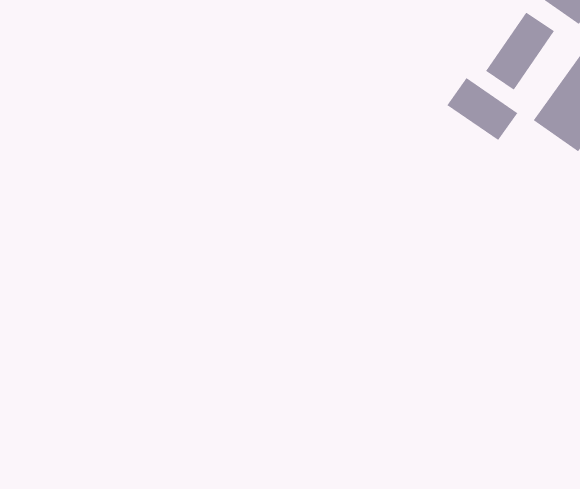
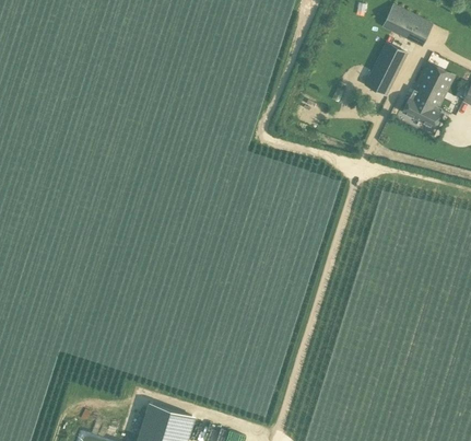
building: [447,77,518,141] -> none

